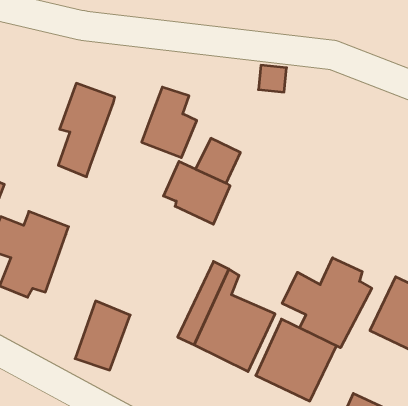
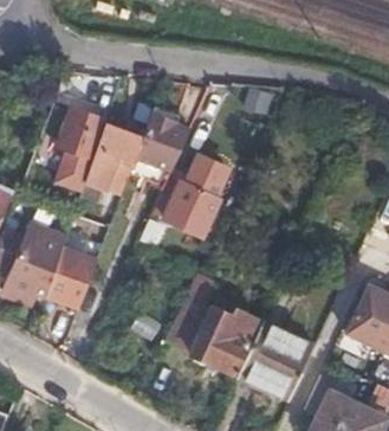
building: none -> [89,123,144,192]
building: [282,258,372,348] -> none
building: [75,301,130,370] -> [47,245,98,309]

